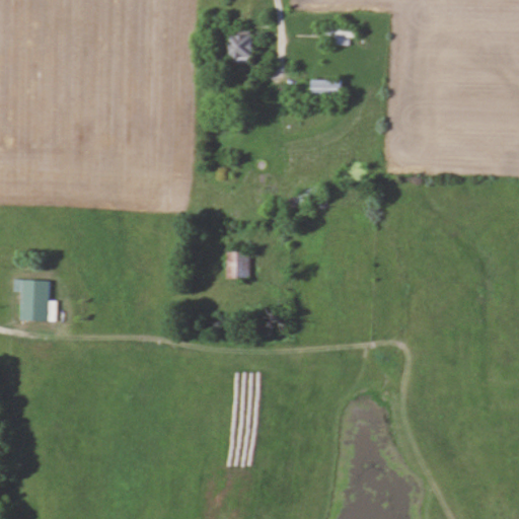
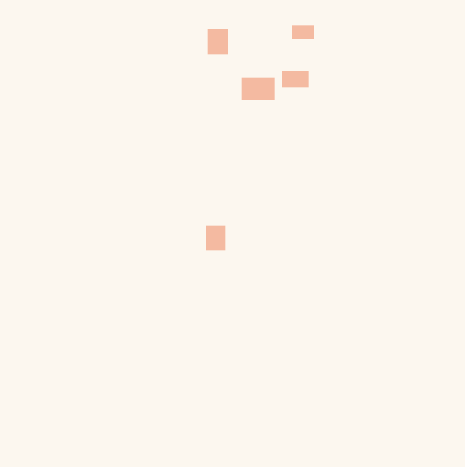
building: none -> [241,77,275,101]
building: [13,280,48,320] -> none

